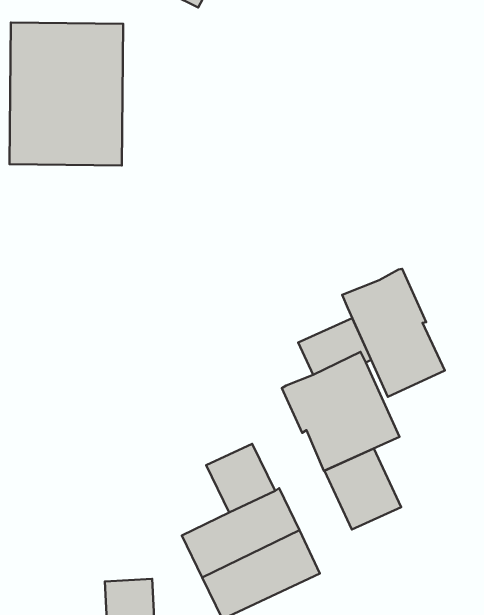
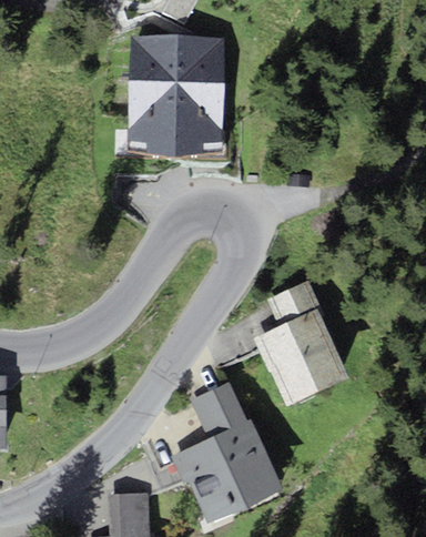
building: [9,22,123,166] -> [130,36,223,153]
building: [342,269,445,397] -> none
building: [325,449,401,530] -> none

